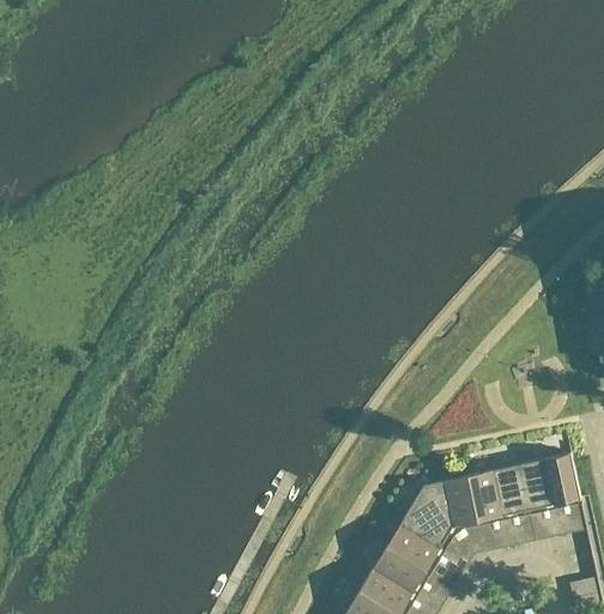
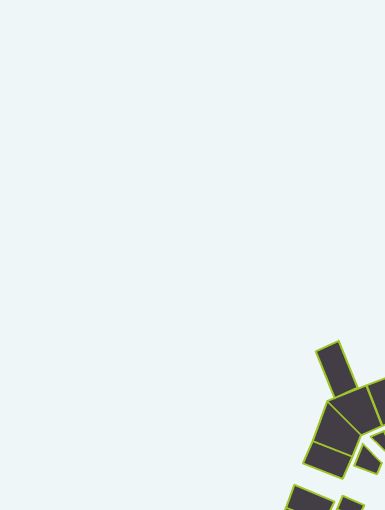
building: none -> [316,341,358,398]
building: [373,548,425,595] -> none

